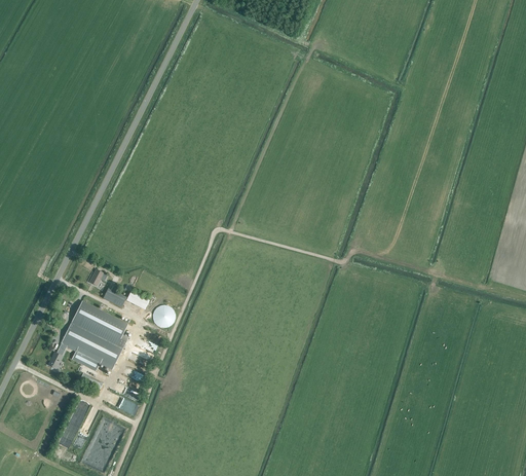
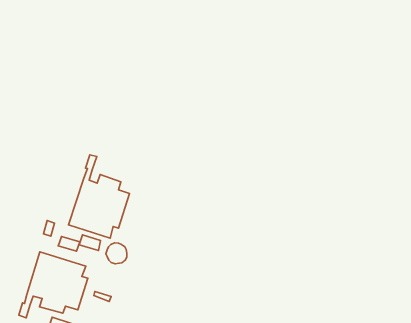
building: none -> [68,155,130,238]

